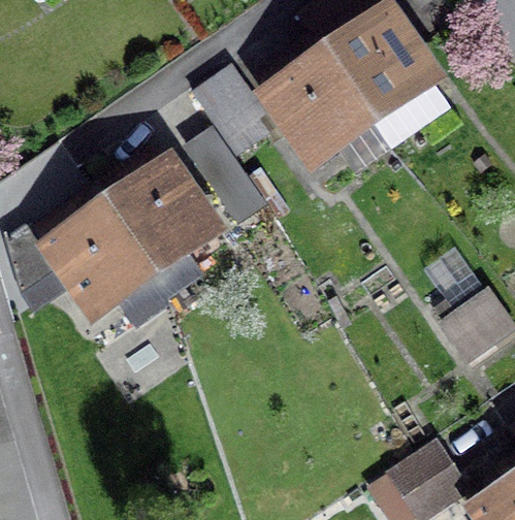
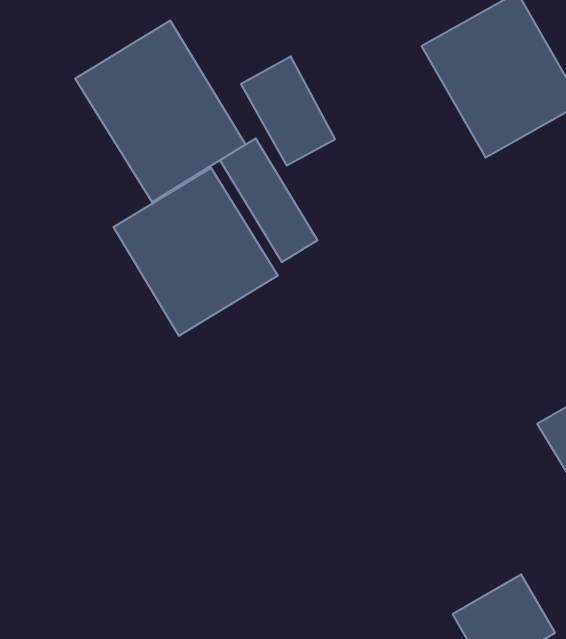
building: none -> [75,20,246,202]
building: [254,43,377,169] -> none
building: [38,198,156,321] -> none

